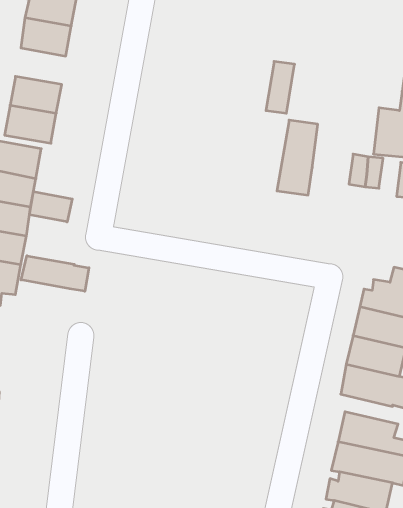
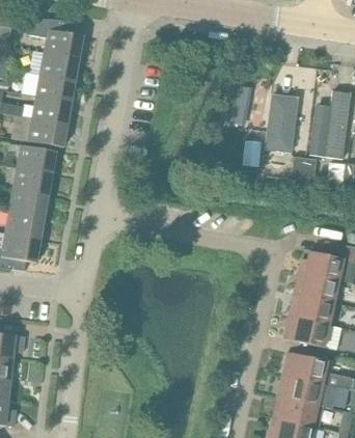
building: none -> [35,75,74,103]
building: none -> [266,94,299,152]
building: [29,191,72,222] -> none
building: [21,256,89,291] -> none

